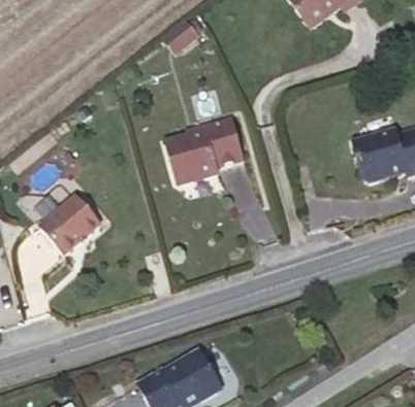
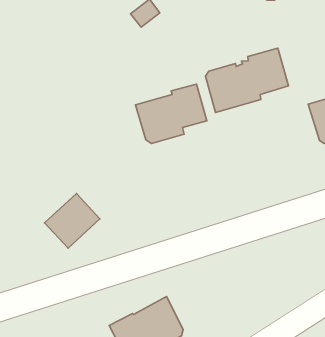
building: none -> [206,48,289,112]
building: [39,195,100,255] -> [45,194,100,248]

